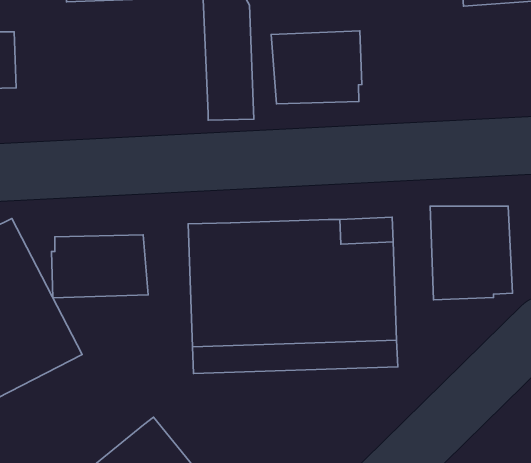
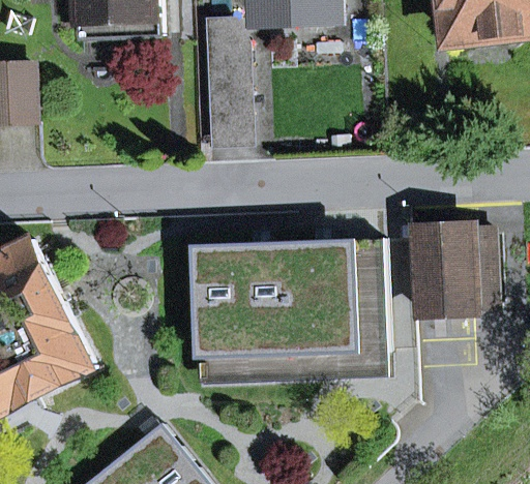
building: [271,31,362,104] -> none
building: [51,235,148,298] -> none

